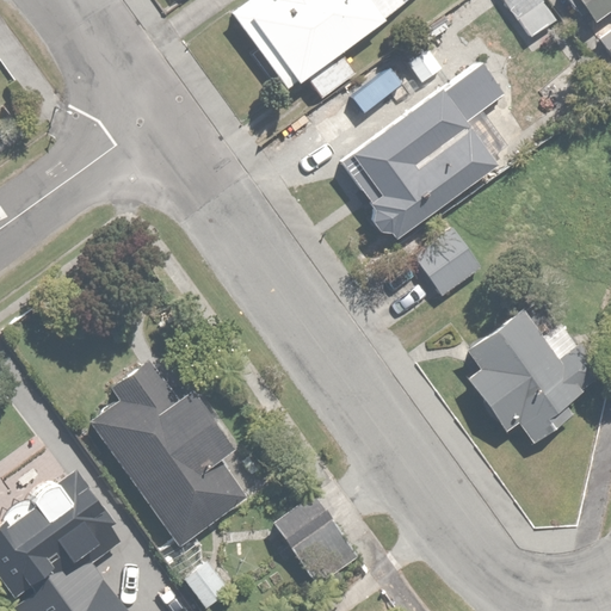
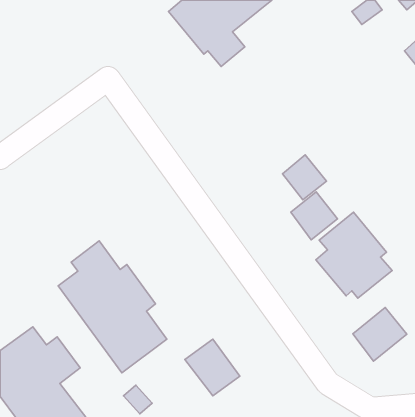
building: [340,64,510,237] -> none
building: none -> [291,192,337,240]
building: none -> [353,307,407,361]

